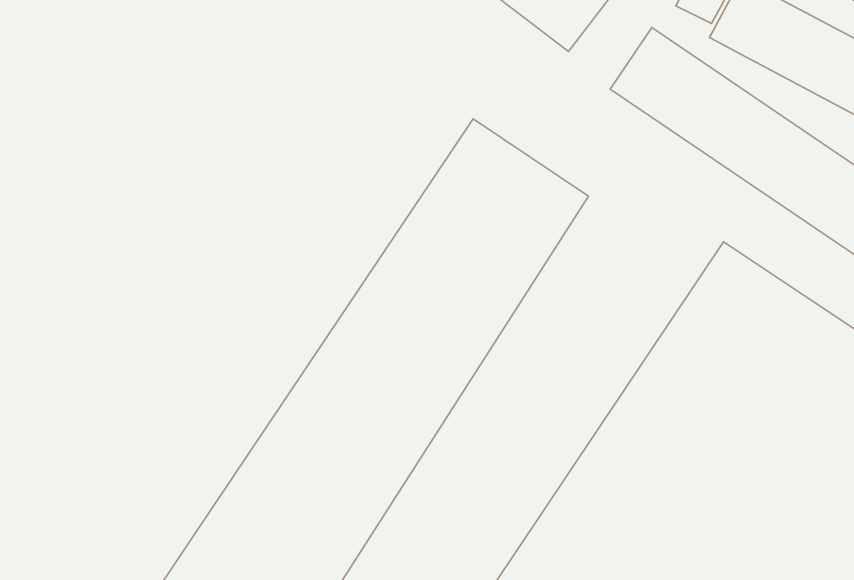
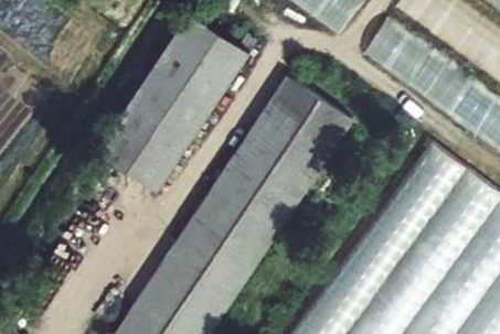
building: none -> [95,13,248,192]

